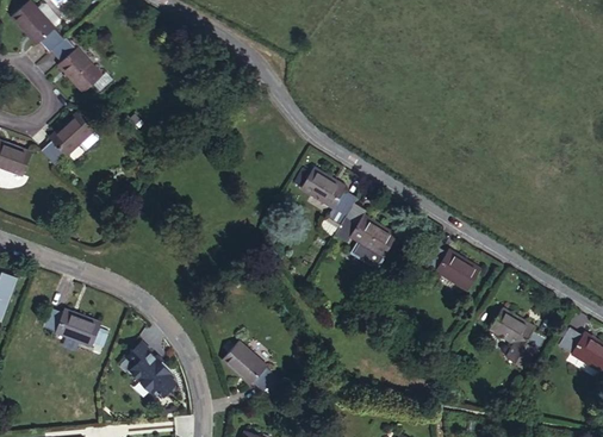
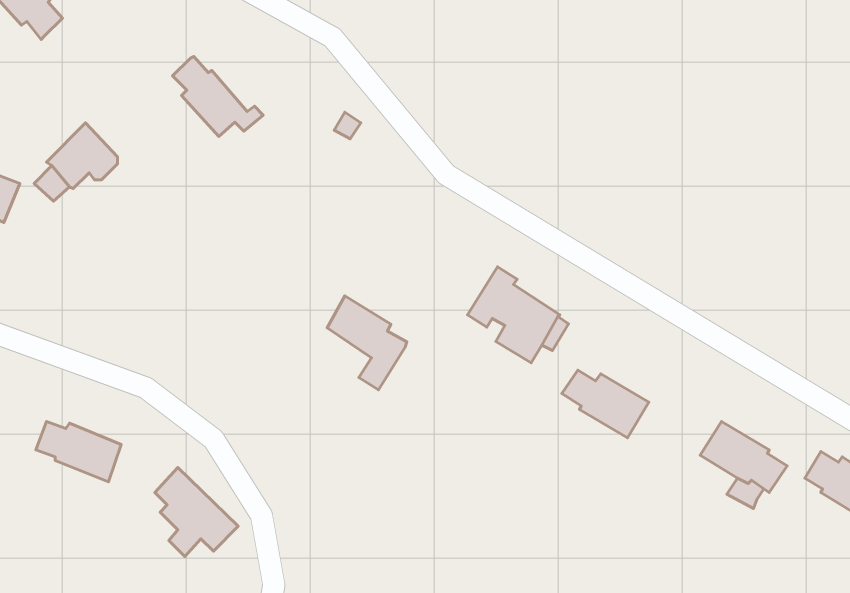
building: [50,37,111,90] -> [173,56,263,136]
building: [302,170,355,233] -> [327,296,407,390]
building: [423,249,481,294] -> [562,370,649,438]
building: [220,339,274,388] -> none

